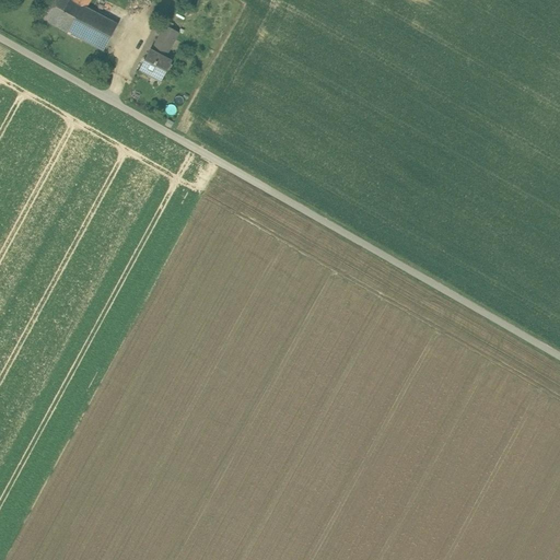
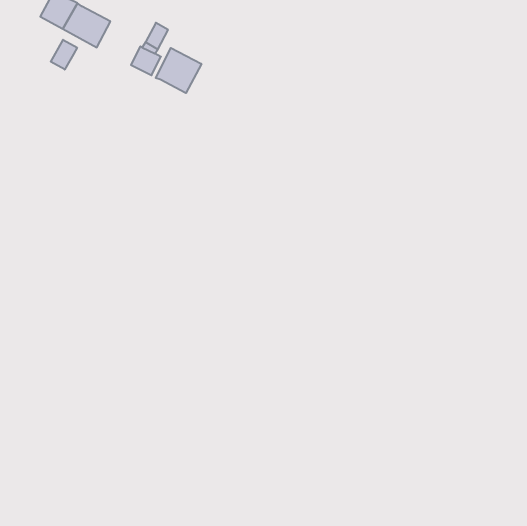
building: none -> [51,40,77,70]
building: none -> [156,48,201,93]

